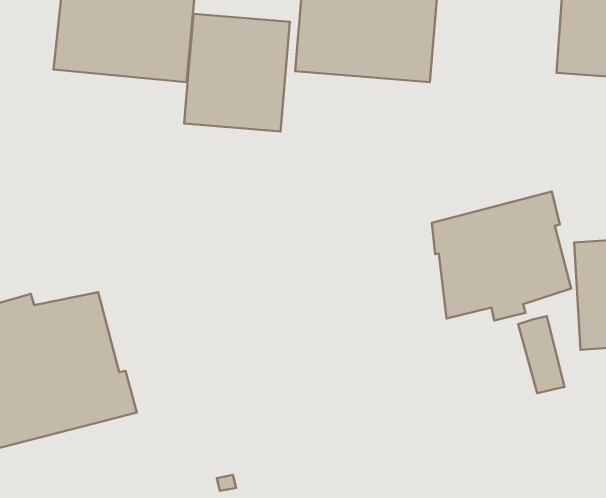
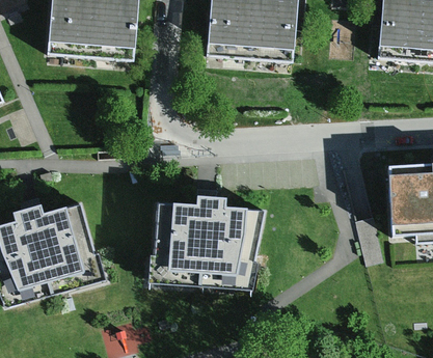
building: [184,14,290,131] -> none
building: [432,191,571,320] -> none
building: none -> [152,190,262,287]

